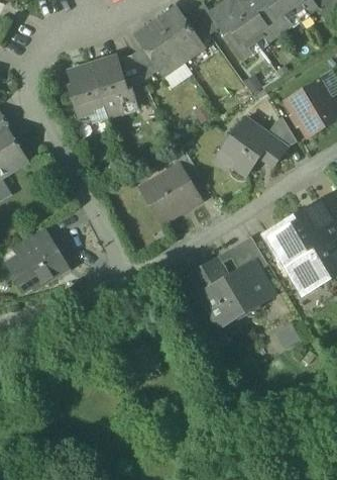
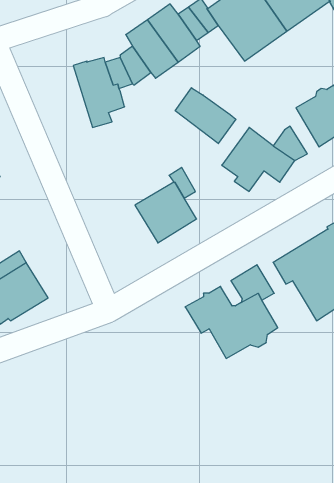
building: [68,63,107,122] -> none
building: none -> [175,88,236,144]

